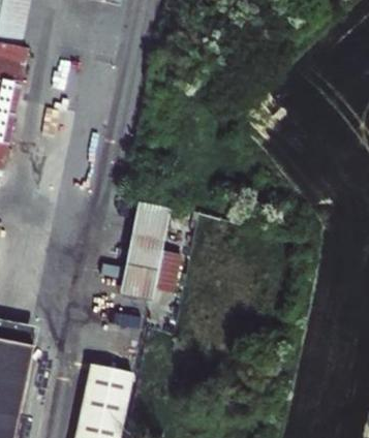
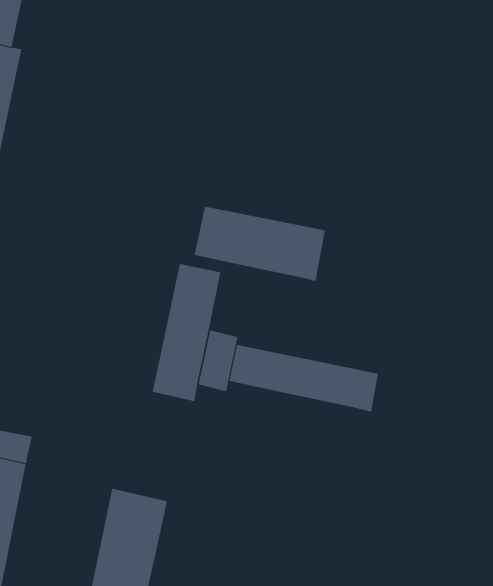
building: none -> [194,206,326,282]
building: none -> [229,344,379,412]

